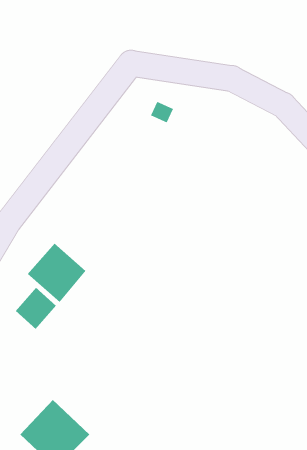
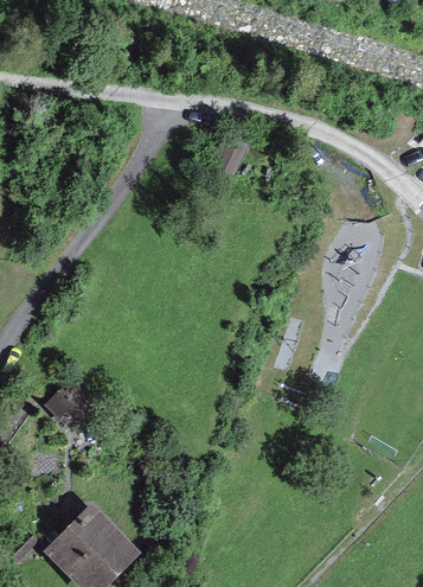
building: [27,243,86,303] -> none

